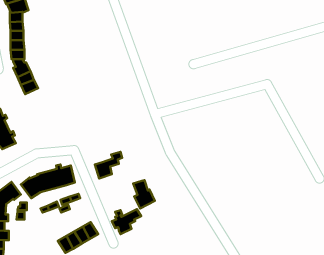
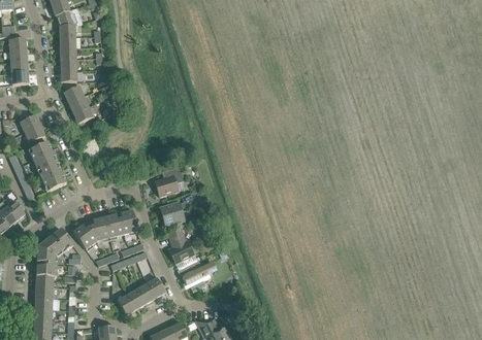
building: none -> [154,166,183,196]
building: [133,180,155,208] -> [167,229,193,263]

